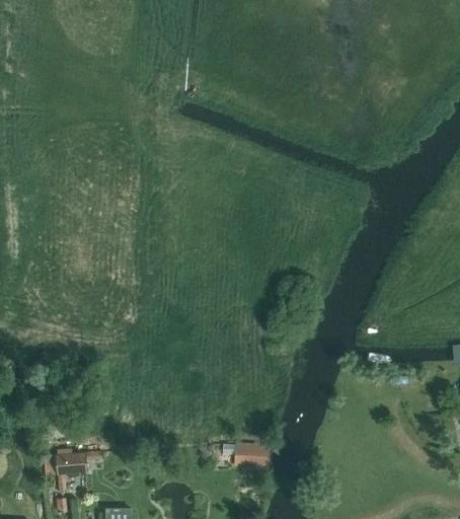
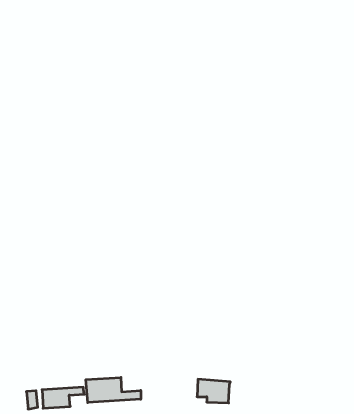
building: none -> [86,377,141,403]

